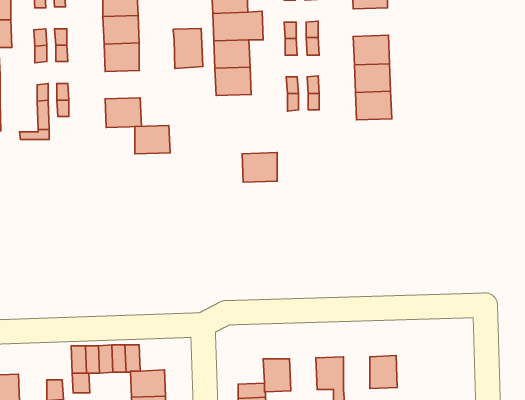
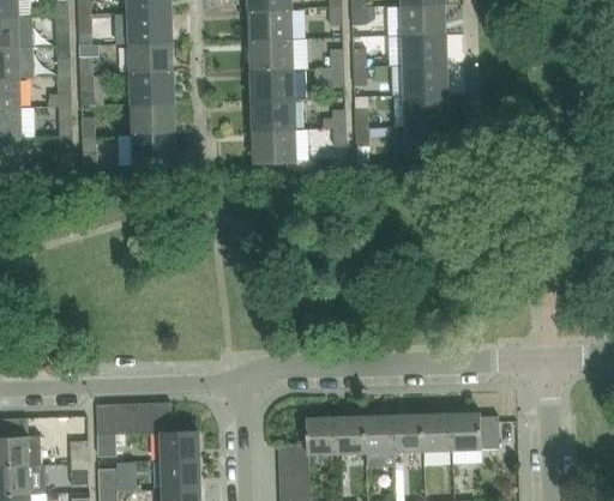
building: none -> [404,35,443,66]
building: [173,29,203,69] -> none
building: [135,125,170,154] -> [133,103,171,134]
building: [242,153,277,182] -> [254,129,293,162]
building: none -> [451,414,498,449]
building: none -> [393,416,422,452]
building: none -> [335,417,365,453]

